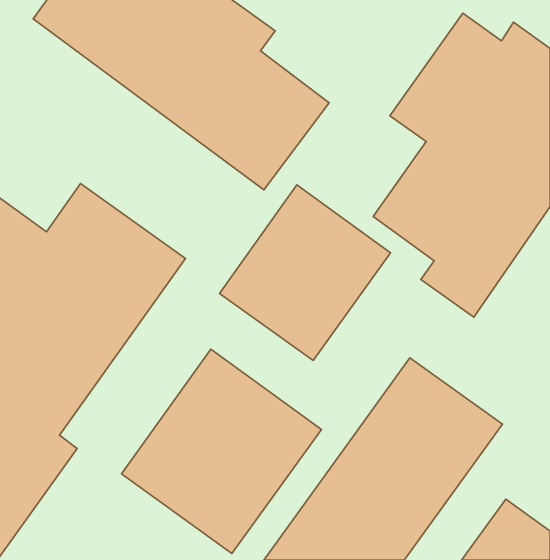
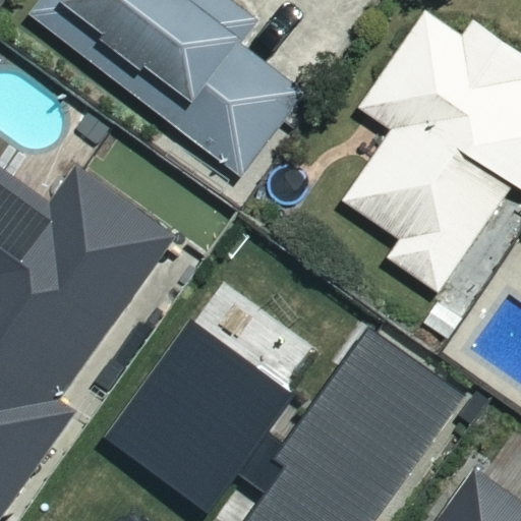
building: [219,185,391,361] -> none

